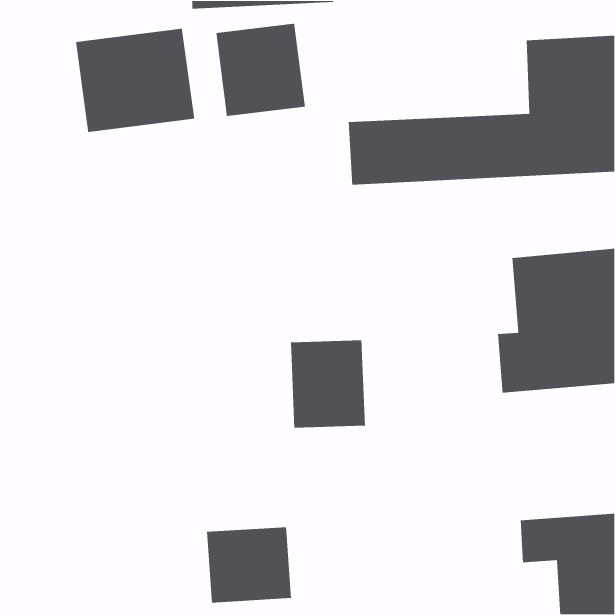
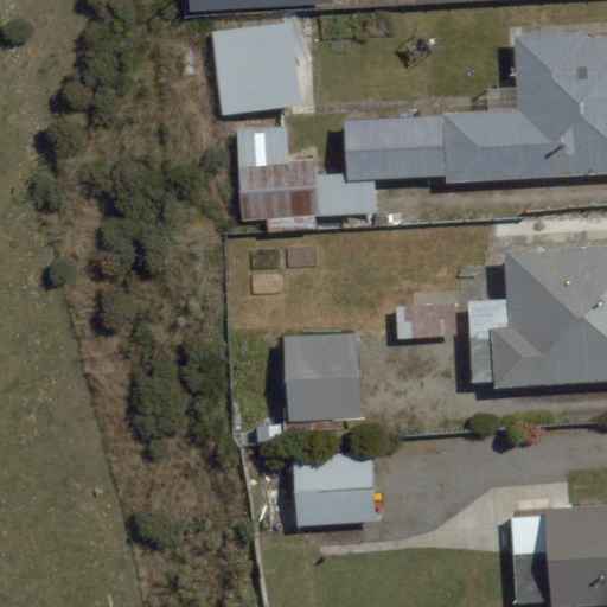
building: [75,28,195,133] -> none
building: none -> [234,123,377,221]
building: [206,526,292,603] -> [294,449,378,525]

